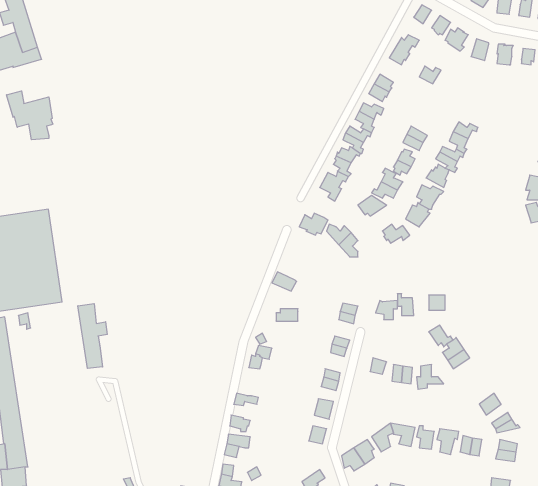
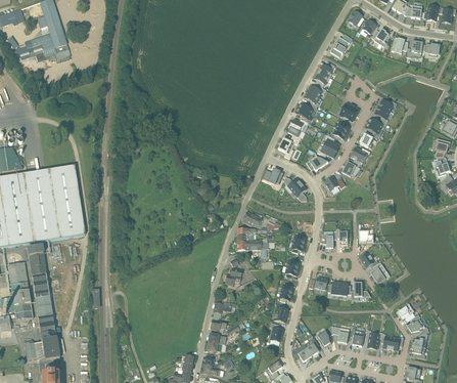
building: [7,91,53,140] -> none
building: [78,304,107,368] -> none

